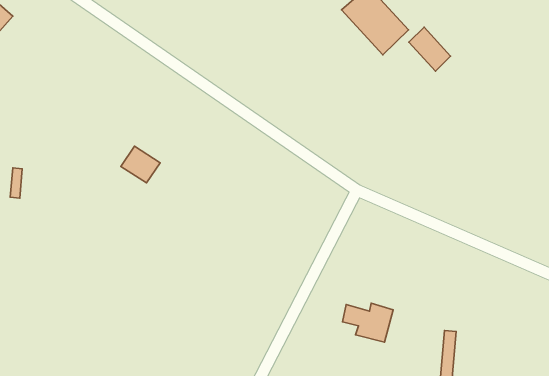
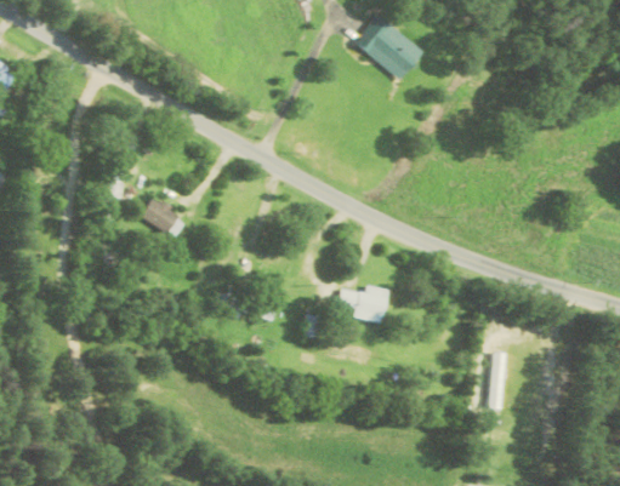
building: [409,27,451,71] -> none
building: [342,303,393,342] -> [339,284,389,322]

